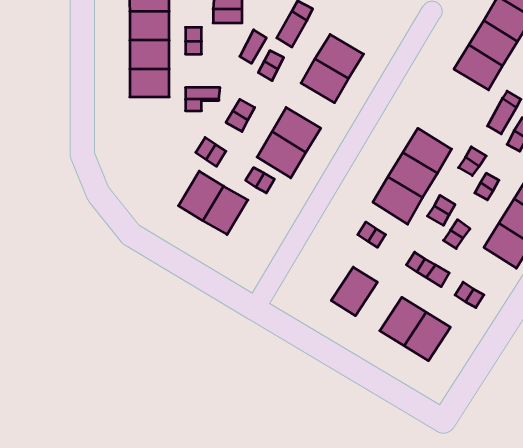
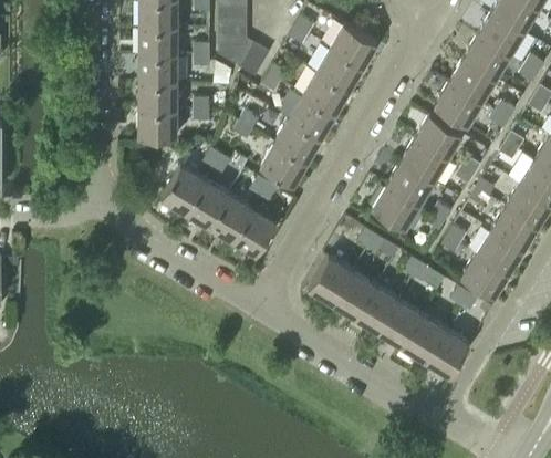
building: none -> [330,22,376,66]
building: none -> [218,37,257,69]
building: none -> [434,81,481,125]
building: none -> [288,94,334,137]
building: none -> [137,107,176,136]
building: none -> [414,113,461,157]
building: none -> [160,164,205,211]
building: none -> [231,206,276,253]
building: none -> [461,251,508,295]
building: none -> [308,254,352,302]
building: none -> [354,284,398,331]
building: none -> [424,327,469,375]

